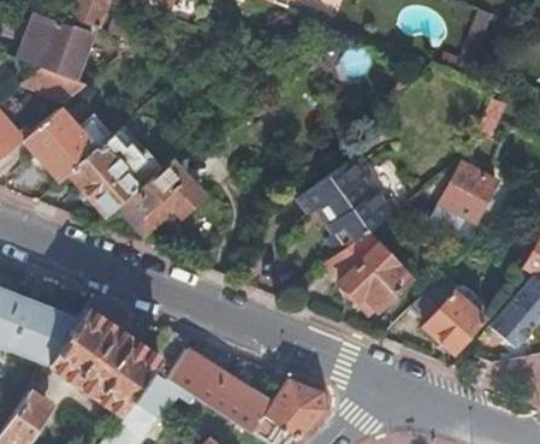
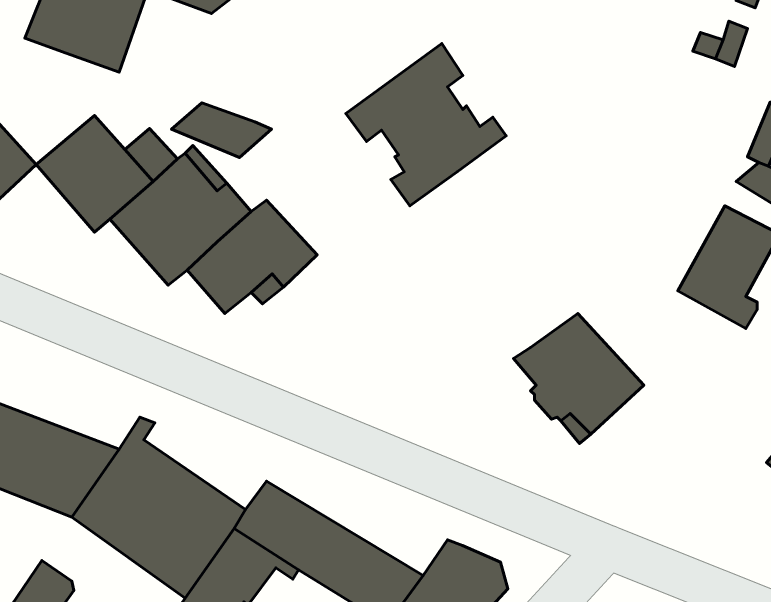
building: [24,66,88,101] -> [172,103,272,158]
building: [298,150,400,254] -> [346,44,506,206]
building: [410,279,486,354] -> none

